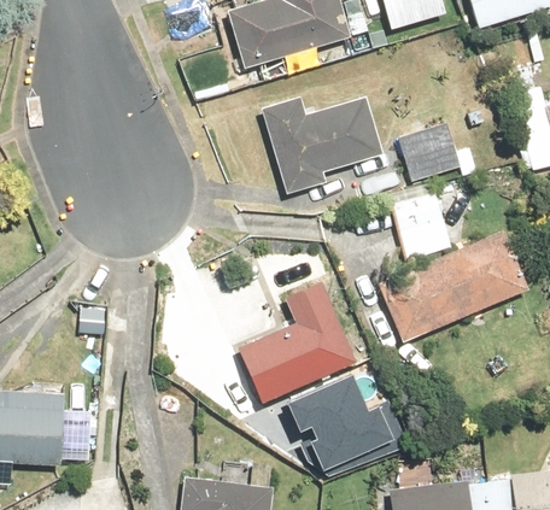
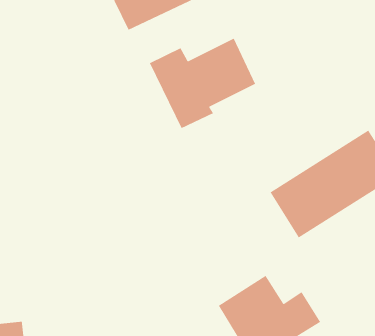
building: [404,121,469,182] -> none
building: [400,188,457,257] -> none
building: [234,282,353,405] -> none

